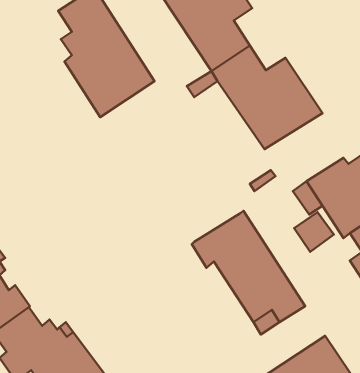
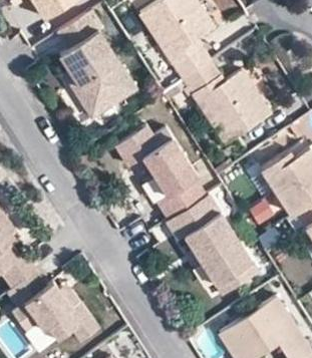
building: none -> [114,124,205,218]

